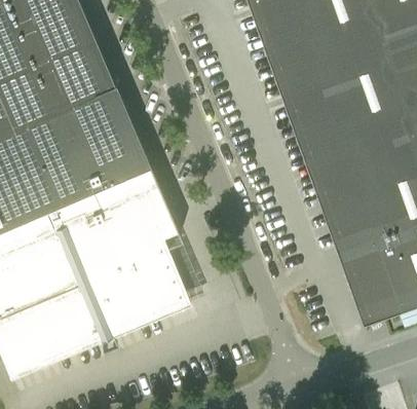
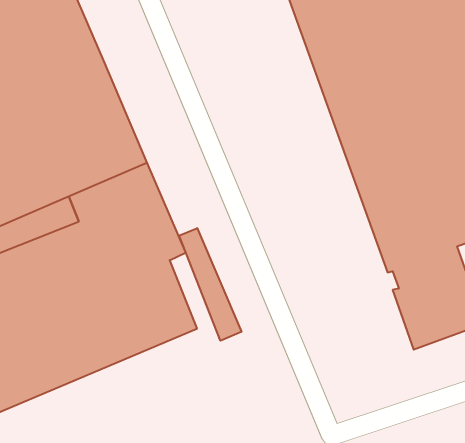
building: none -> [179,228,241,341]

